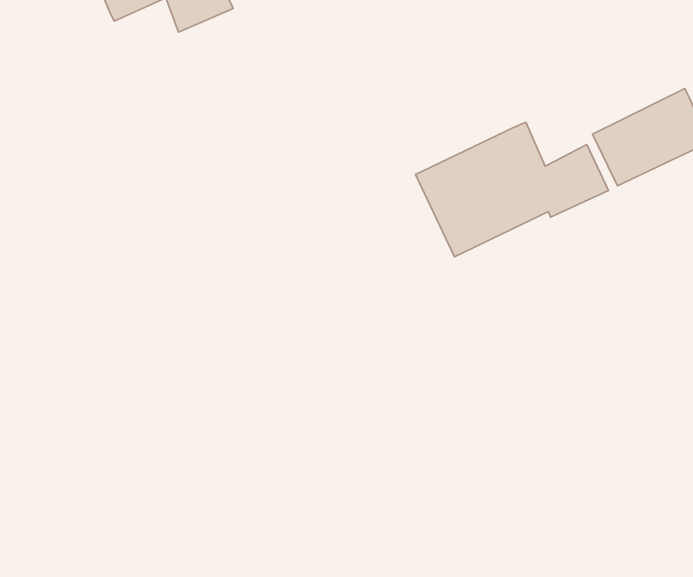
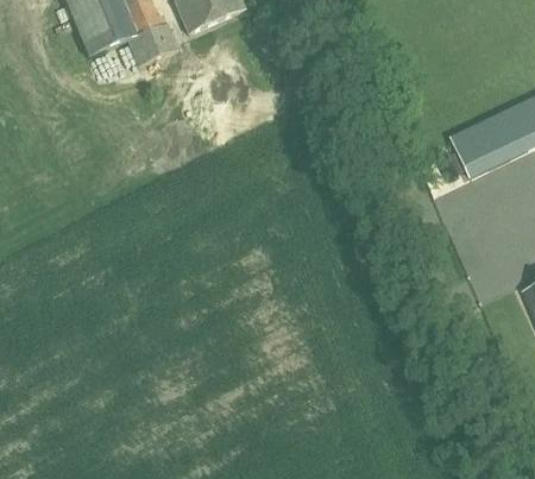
building: [415,122,608,257] -> none

